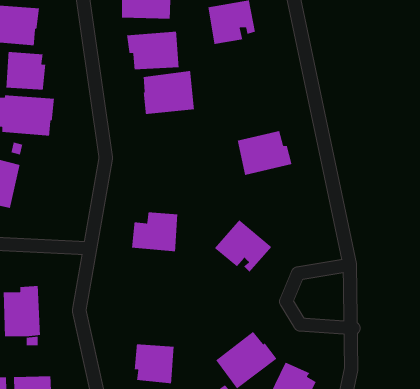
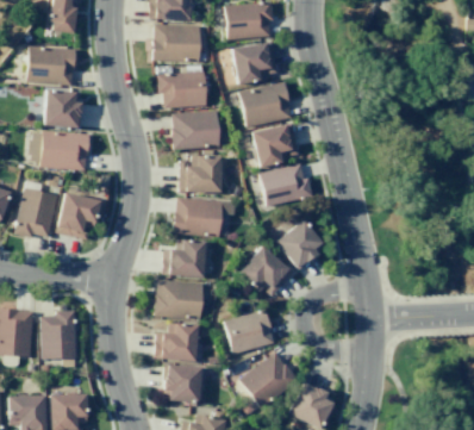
building: none -> [241,82,292,127]
building: none -> [252,124,299,168]
building: none -> [181,156,222,193]
building: none -> [56,193,100,241]
building: none -> [173,198,223,238]
building: none -> [277,220,325,270]
building: none -> [154,279,205,319]
building: none -> [225,309,275,354]
building: none -> [155,323,199,361]

